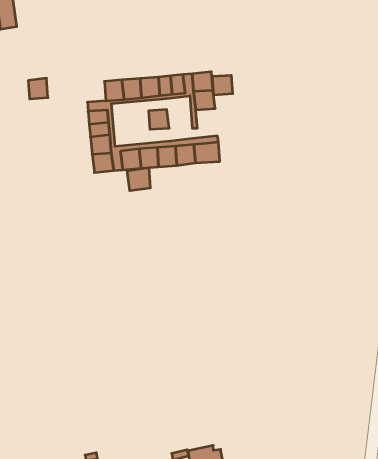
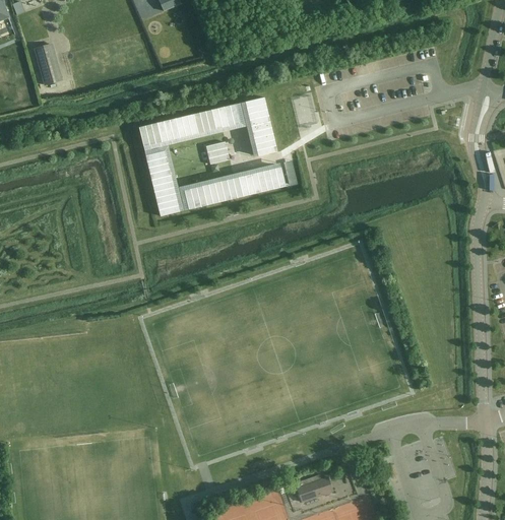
building: [212,75,233,95] -> [254,133,277,155]
building: [28,78,48,99] -> [139,122,162,145]
building: [127,168,150,191] -> none

